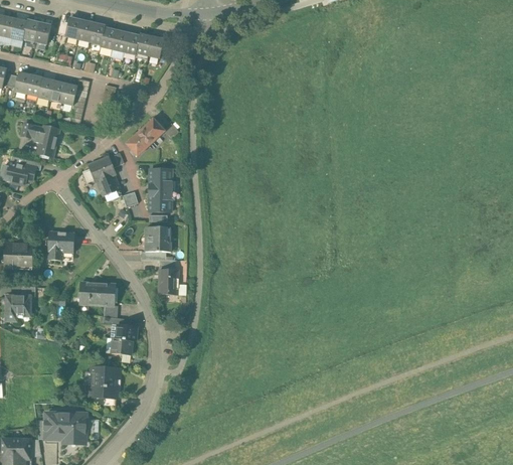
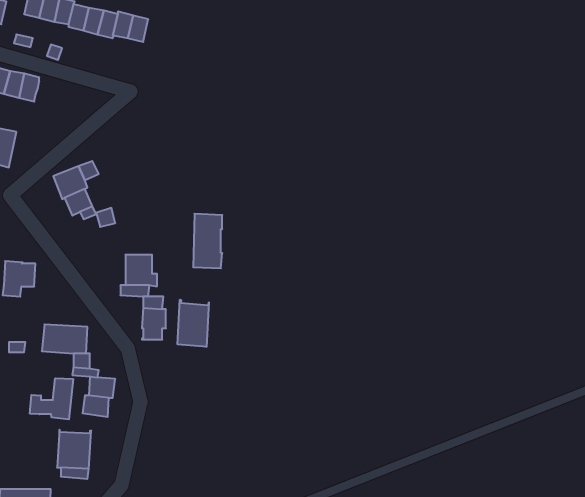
building: [126,118,164,155] -> none
building: [148,168,171,211] -> [193,214,222,268]
building: none -> [178,300,209,347]
building: none -> [30,378,73,419]

